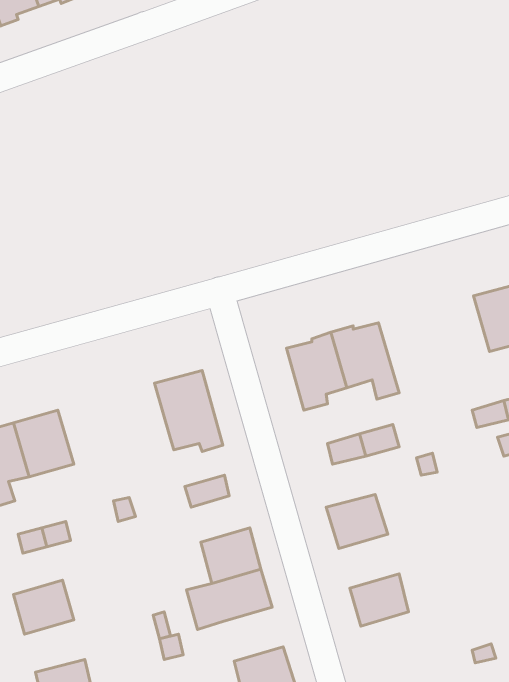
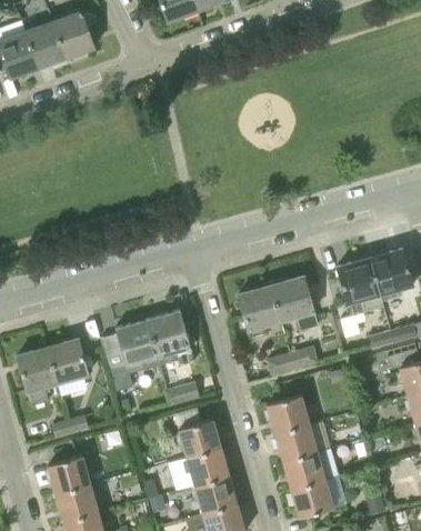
building: none -> [337,258,384,318]
building: none -> [100,319,160,392]
building: none -> [275,424,318,462]
building: none -> [194,475,237,513]
building: none -> [291,479,333,517]
building: none -> [56,484,98,521]

